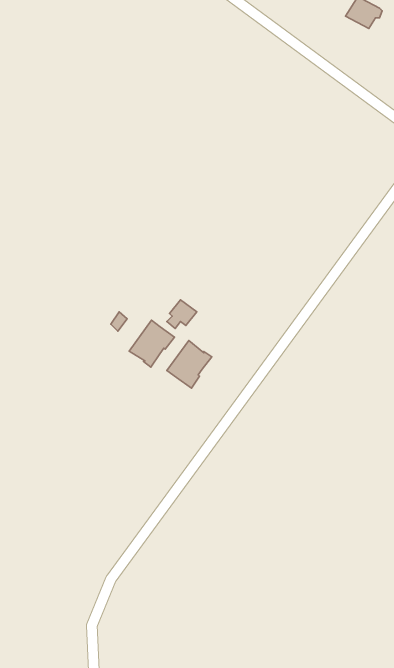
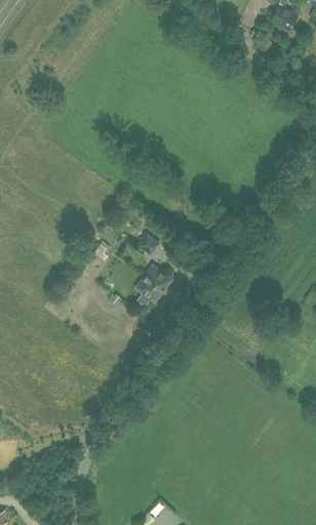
building: [129,320,175,367] -> none

